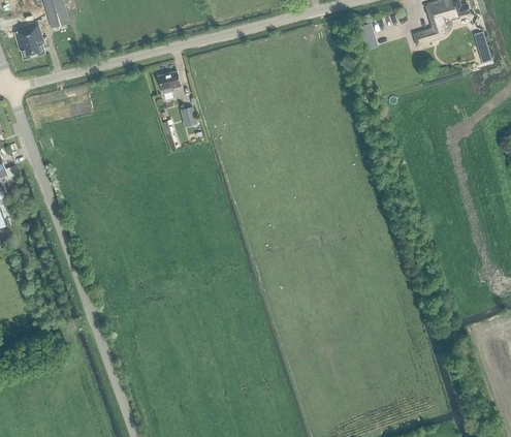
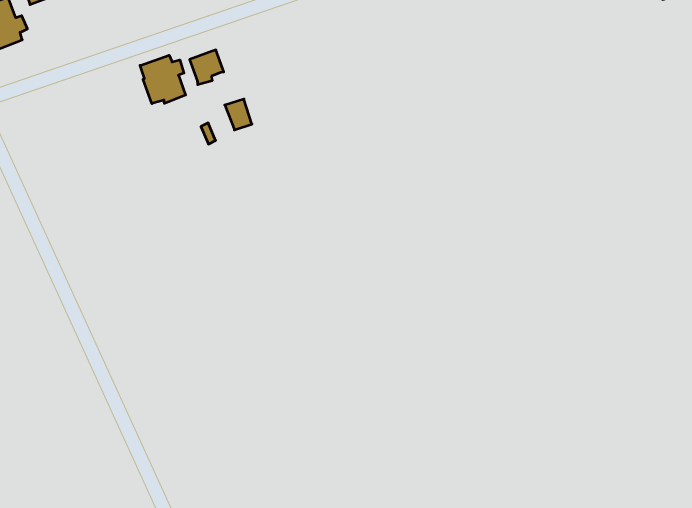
building: none -> [140,55,186,104]

